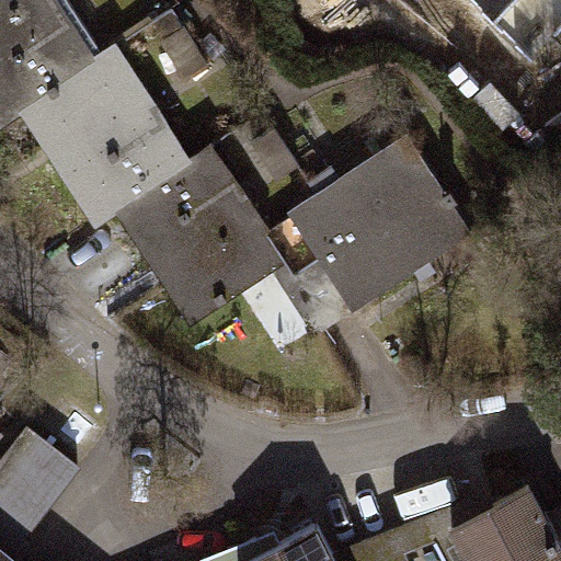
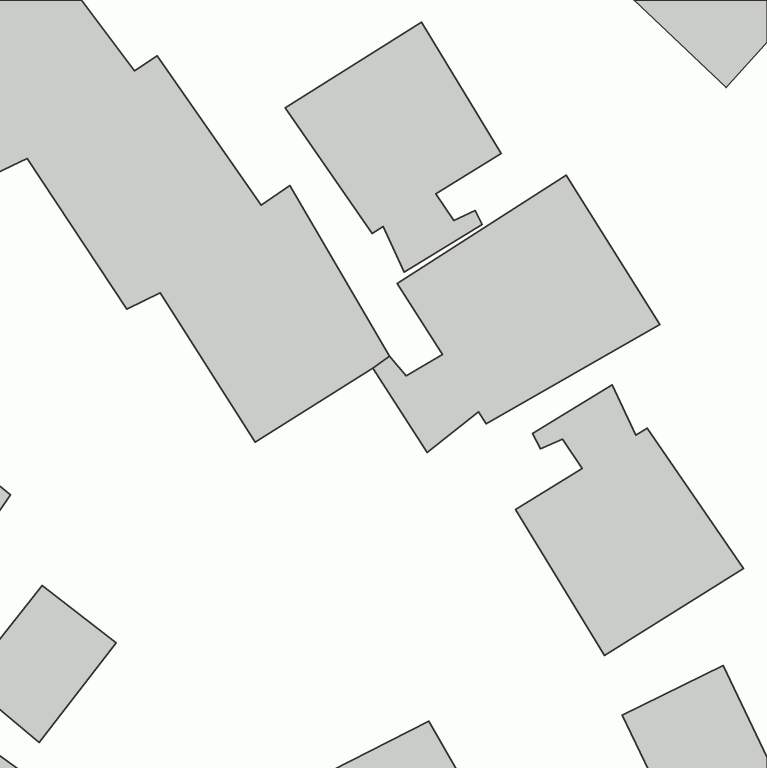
building: none -> [285,22,501,272]
building: none -> [516,385,743,655]

